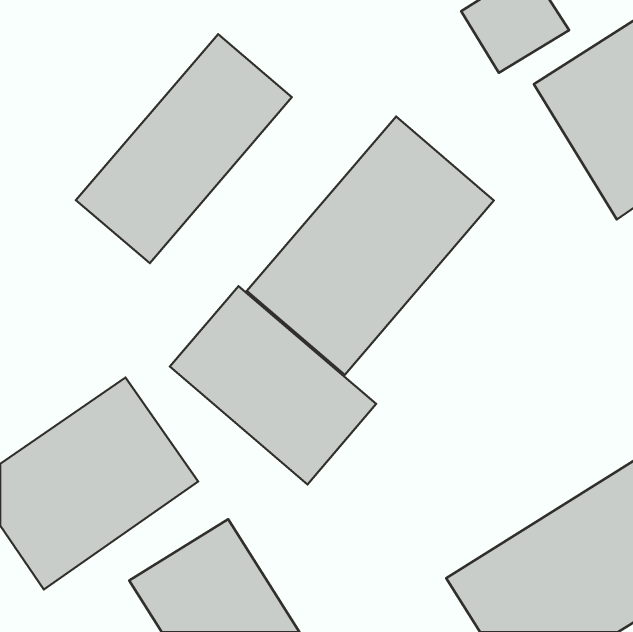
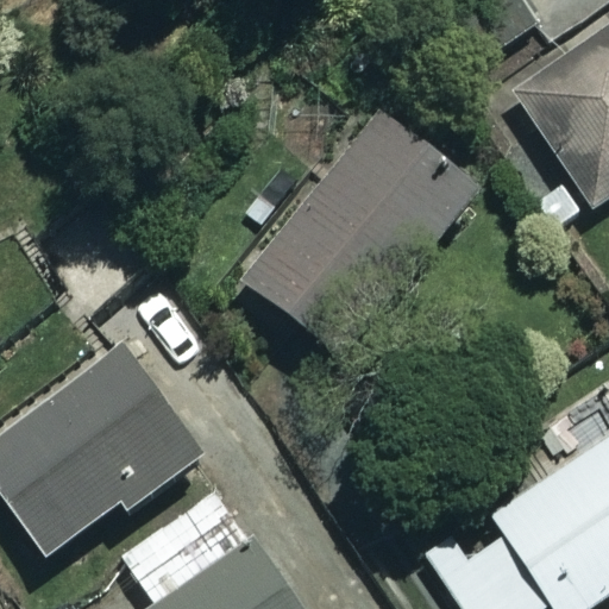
building: [76,34,292,263] -> none
building: [170,286,376,484] -> none

